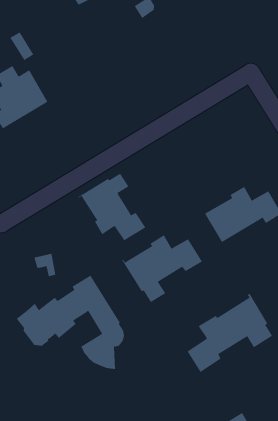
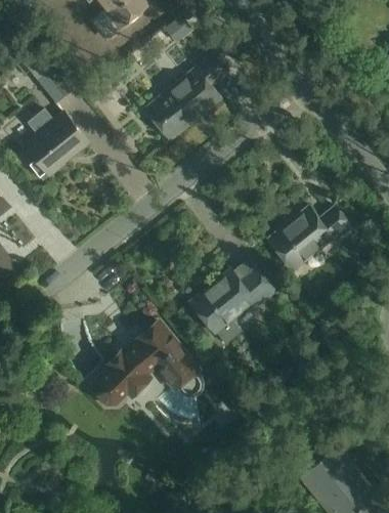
building: none -> [143,50,226,140]
building: [78,173,146,241] -> none
building: [187,293,273,373] -> none

